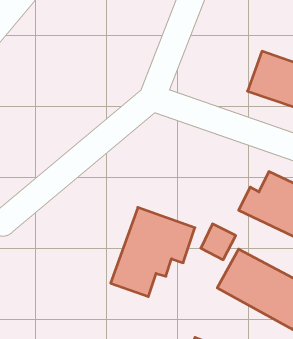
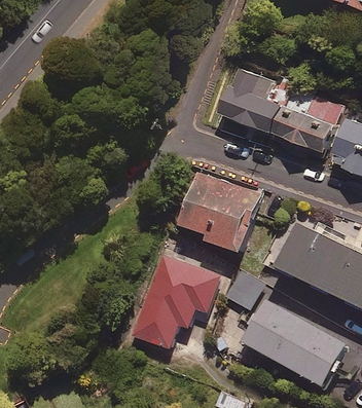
building: none -> [218,67,280,131]
building: none -> [178,172,261,252]

